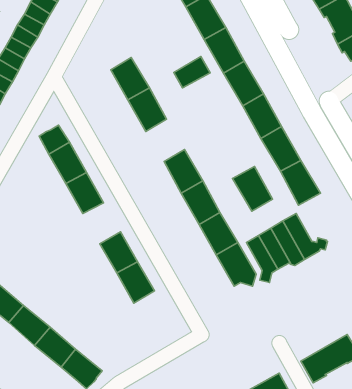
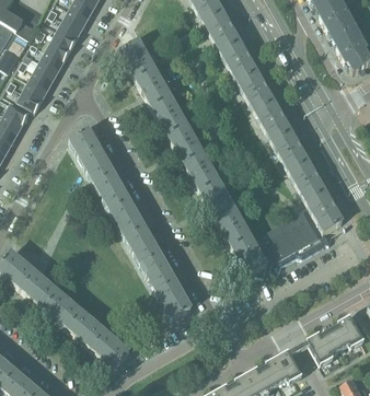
building: none -> [120,39,155,79]
building: [174,57,210,88] -> none
building: none -> [169,124,204,162]
building: [233,166,273,211] -> [307,190,343,231]
building: none -> [112,199,146,236]
building: none -> [158,279,192,317]

